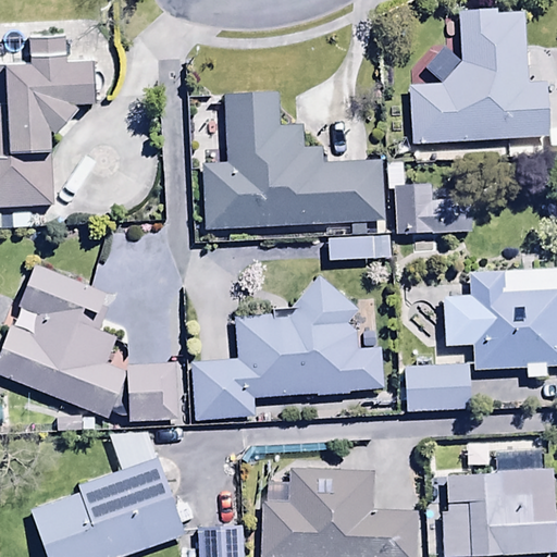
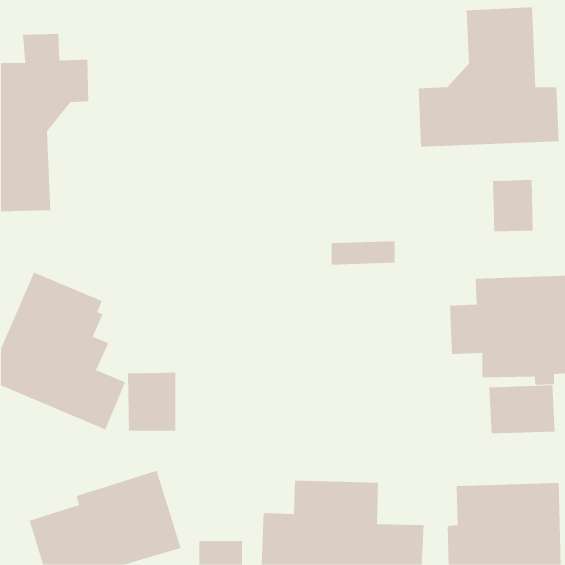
building: [203,90,388,230] -> none
building: [394,184,434,235] -> [492,180,534,232]
building: [191,275,383,420] -> none
building: [405,364,470,412] -> [489,385,556,434]

